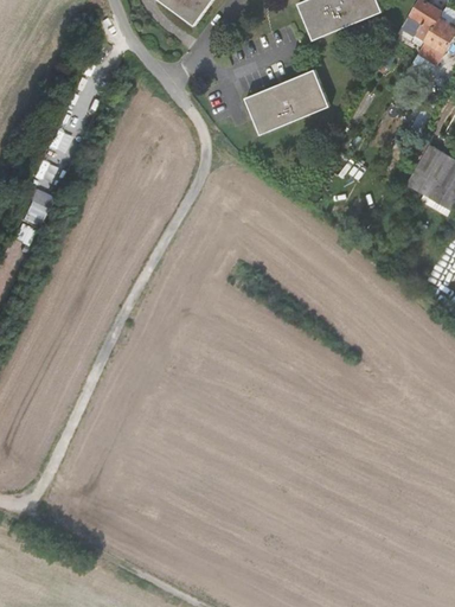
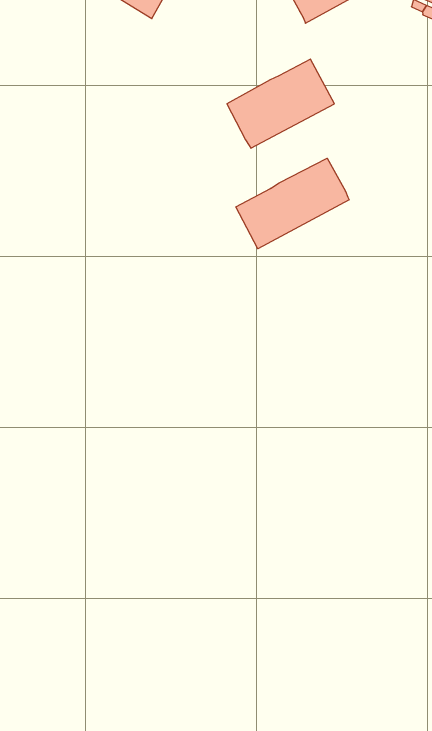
building: none -> [236,158,349,249]

